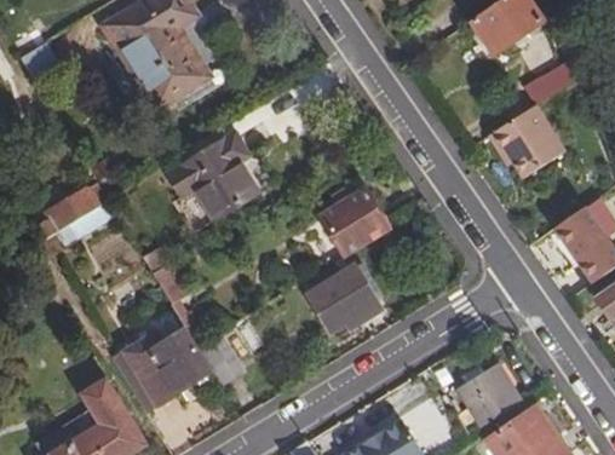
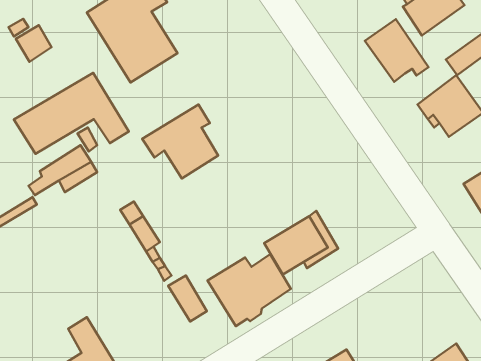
building: none -> [365,19,428,82]
building: none -> [14,73,129,154]
building: [320,189,389,255] -> none
building: [114,329,211,413] -> [208,254,291,326]
building: [460,364,519,425] -> none

